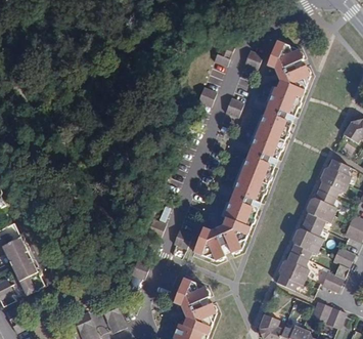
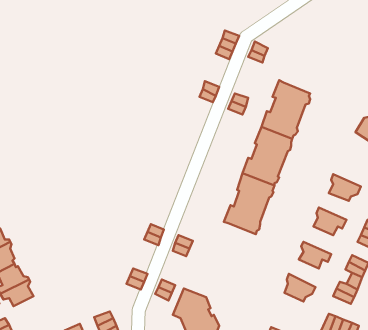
building: [267,41,310,98] -> none
building: [322,160,350,184] -> none
building: [309,190,337,215] -> none
building: [194,218,251,261] -> none
building: [294,221,323,247] -> none
building: [281,252,309,278] -> none

